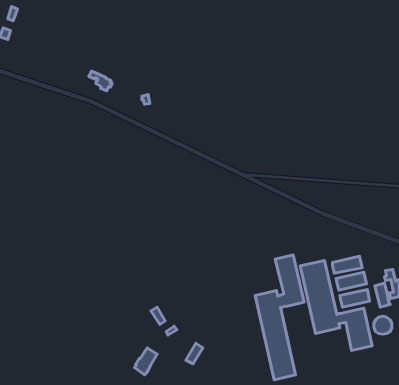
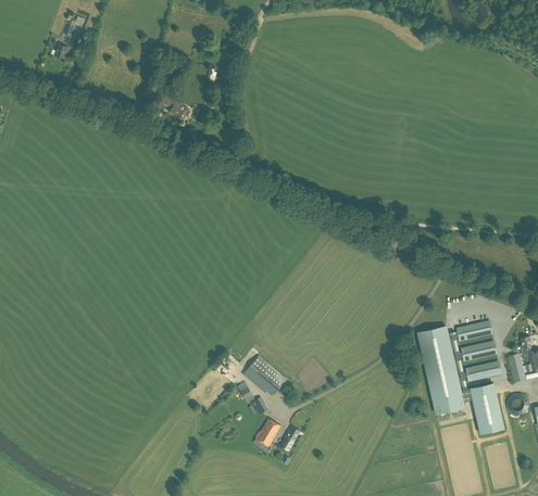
building: [255,255,304,380] -> none
building: none -> [242,355,287,394]
building: [135,348,157,375] -> [253,418,280,450]

